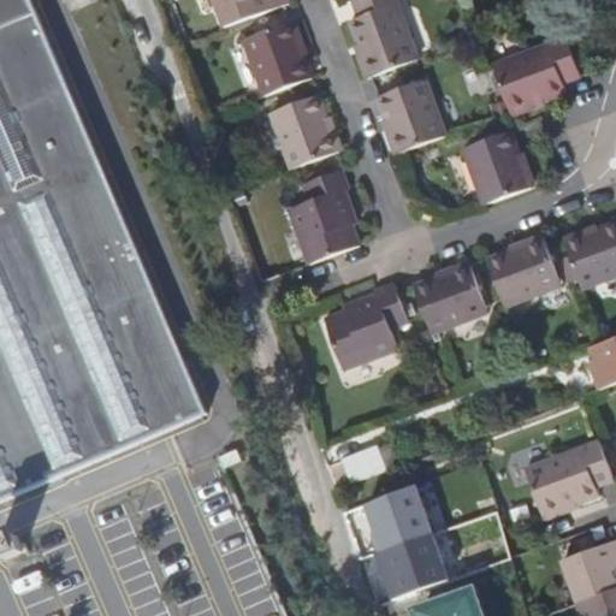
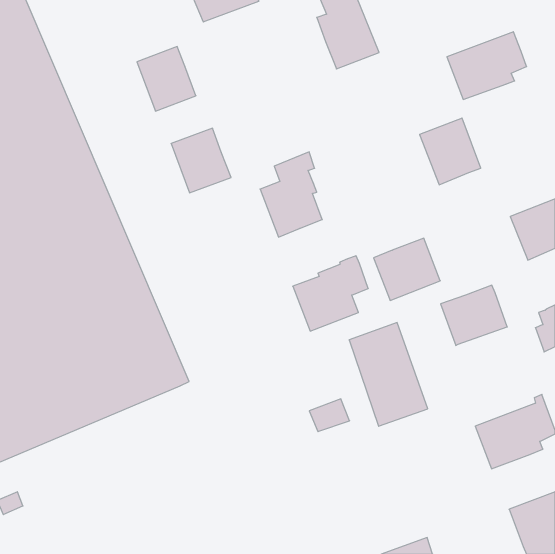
building: [242,23,307,94] -> [137,47,196,111]
building: [378,79,445,152] -> none
building: [270,96,336,167] -> [171,128,231,193]
building: [485,236,558,302] -> [441,285,507,345]
building: [365,479,451,593] -> [349,323,428,426]

